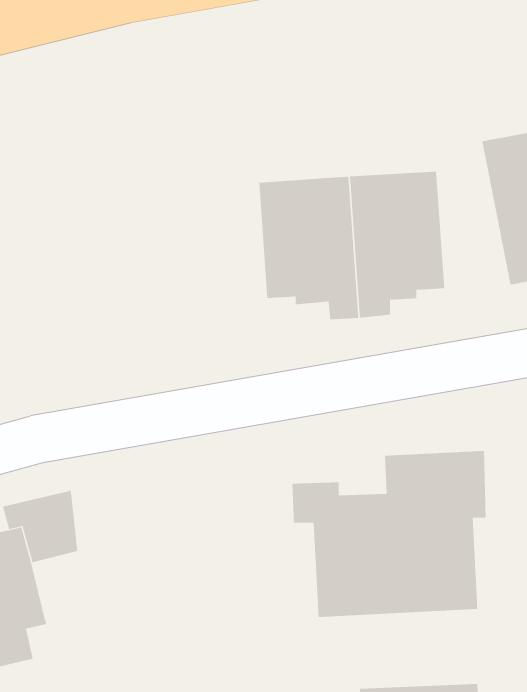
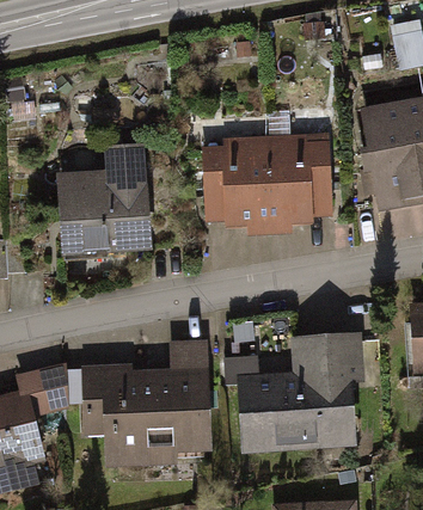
building: none -> [57,140,151,256]
building: none -> [79,337,212,469]

